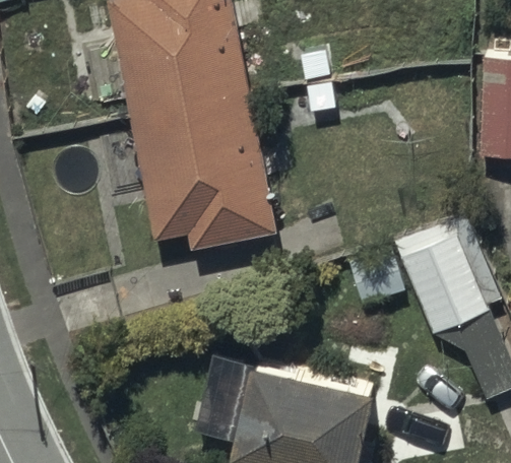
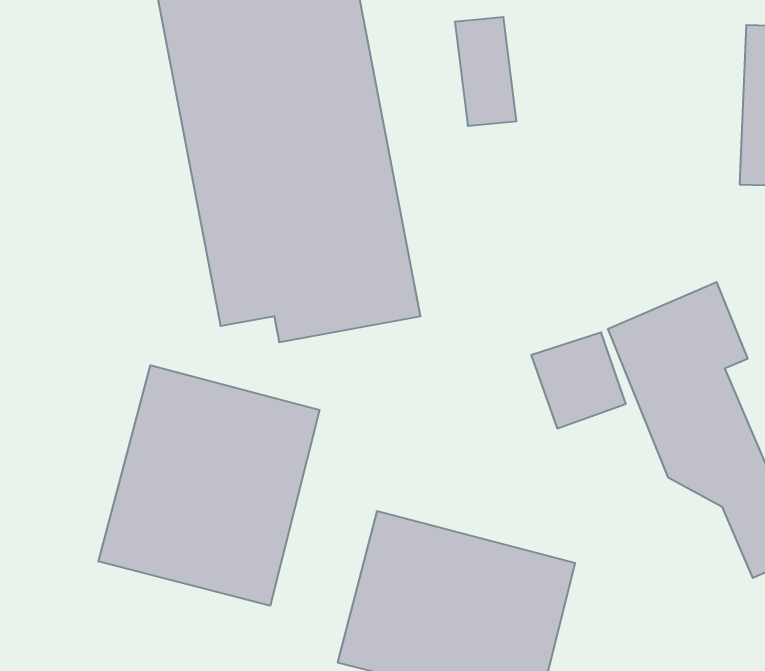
building: none -> [98,365,320,606]

